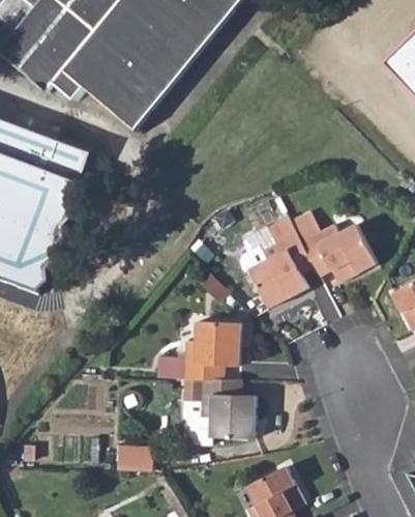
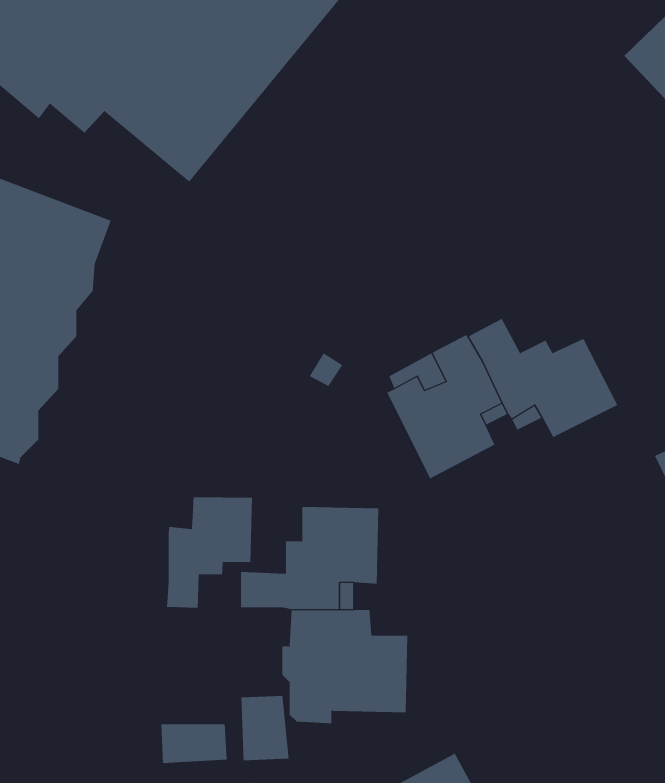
building: none -> [167,496,252,609]
building: none -> [241,695,289,761]

